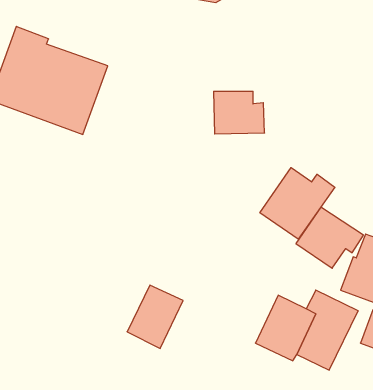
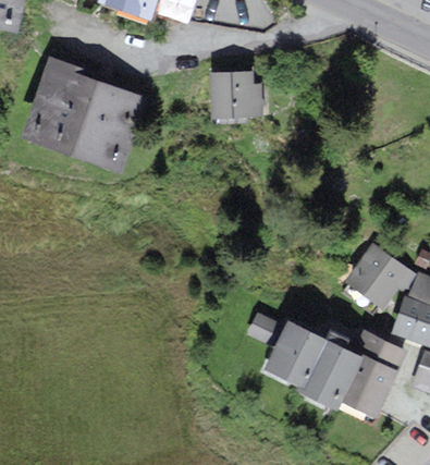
building: [214,91,265,134] -> [209,74,262,119]
building: [260,168,335,239] -> none
building: [127,285,183,348] -> [267,322,325,389]

